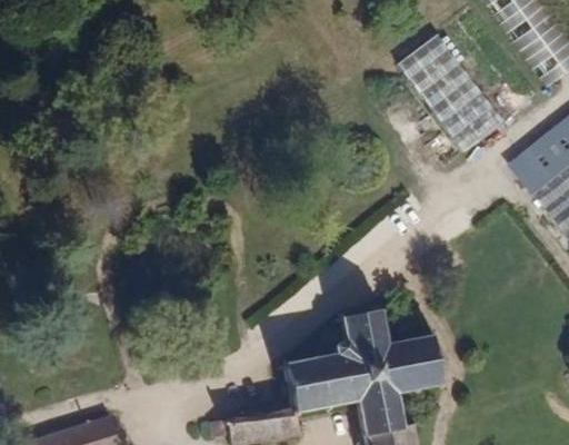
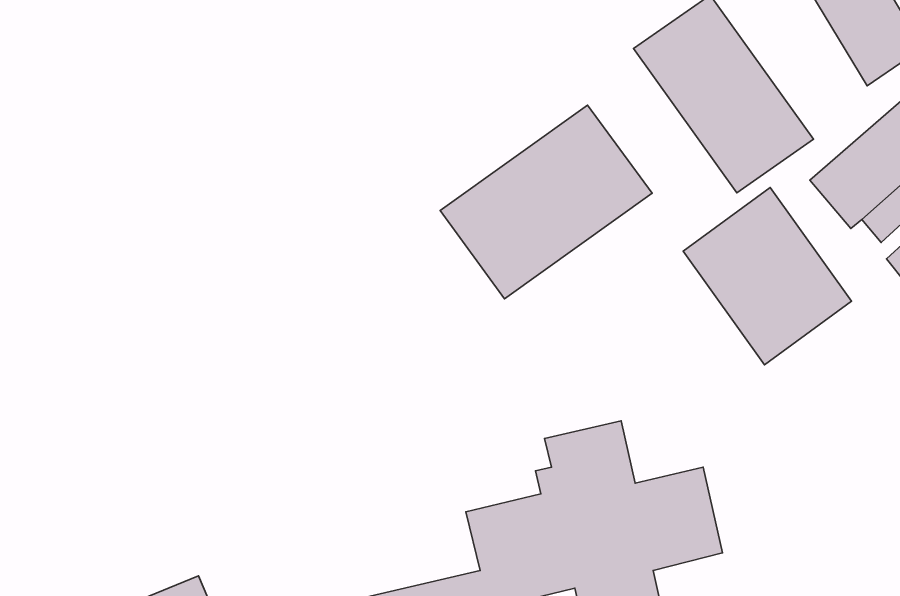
building: none -> [440,105,652,299]
building: none -> [683,188,852,365]

